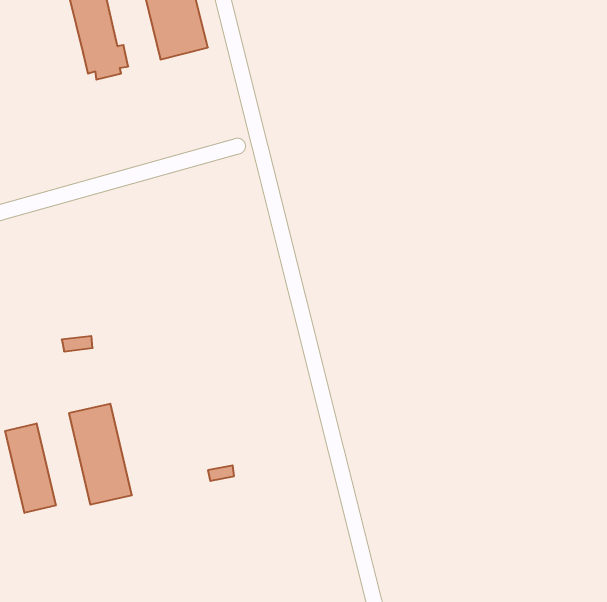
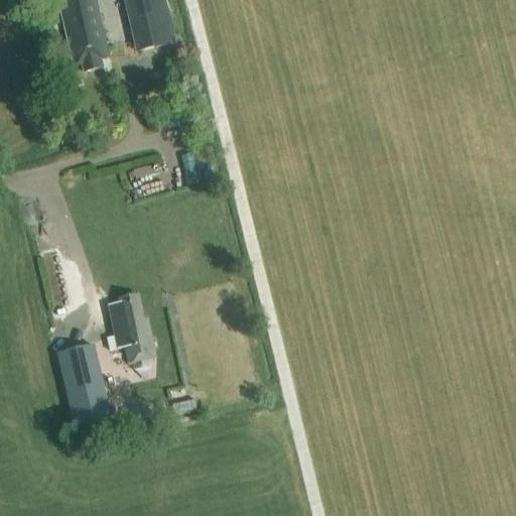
building: none -> [108,292,156,360]
building: [5,423,56,513] -> none

